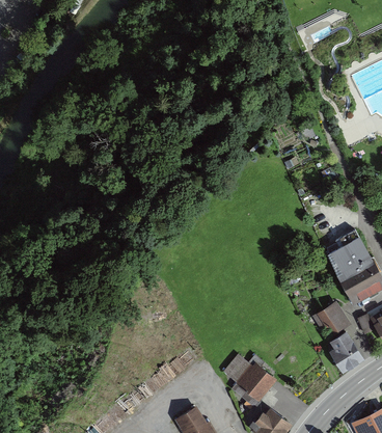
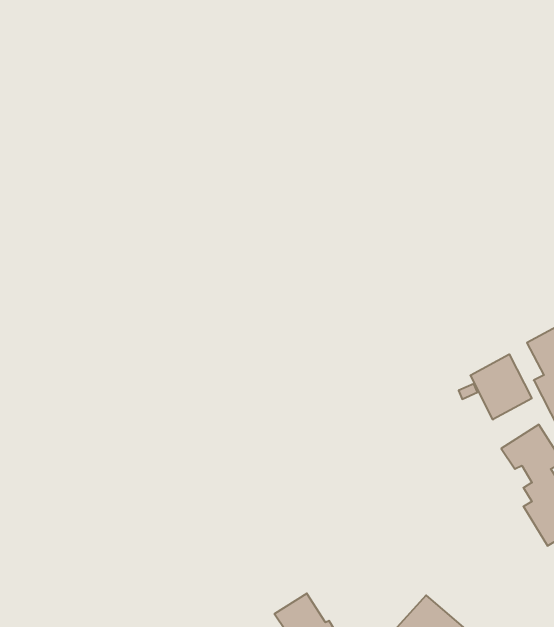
building: none -> [470,354,532,420]
building: [224,355,274,406] -> none

